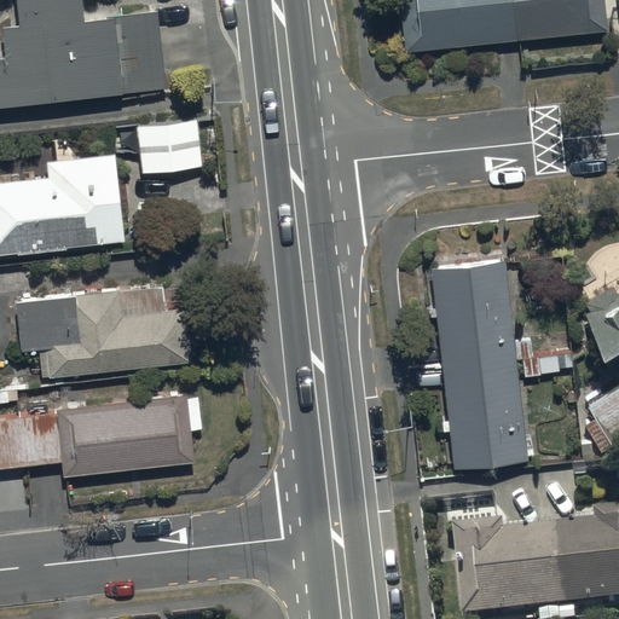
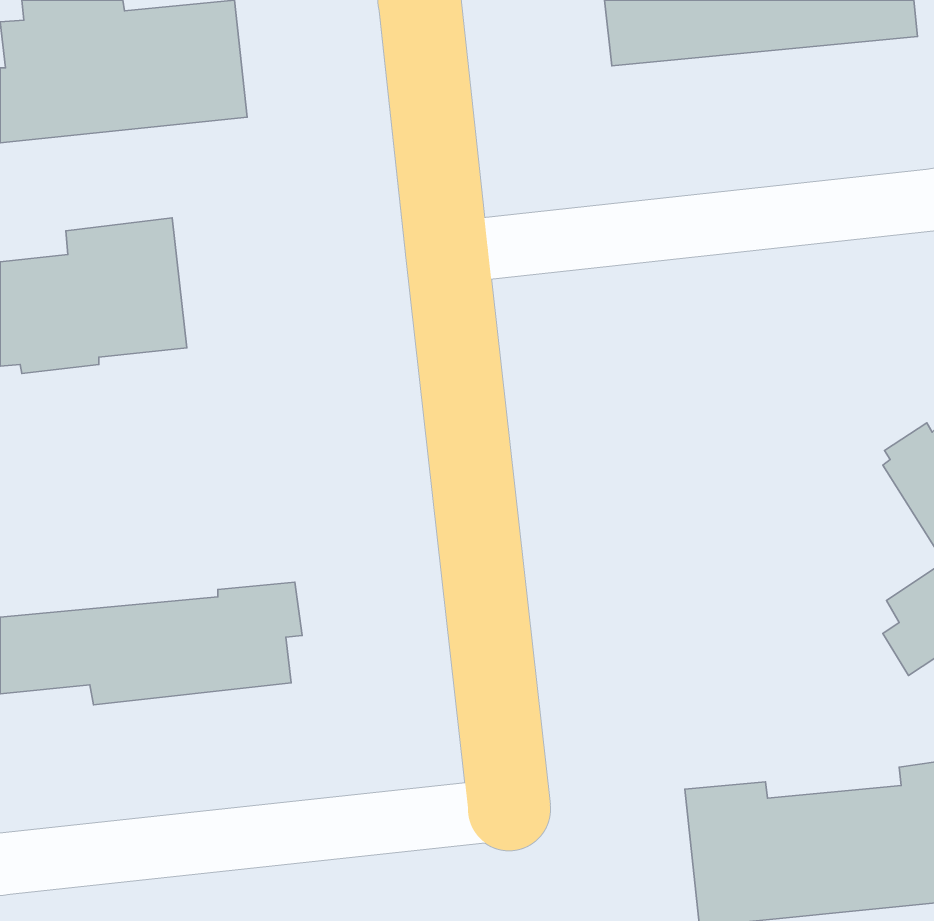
building: [134,120,202,173] -> none
building: [429,256,528,468] -> none
building: [16,285,187,376] -> none

